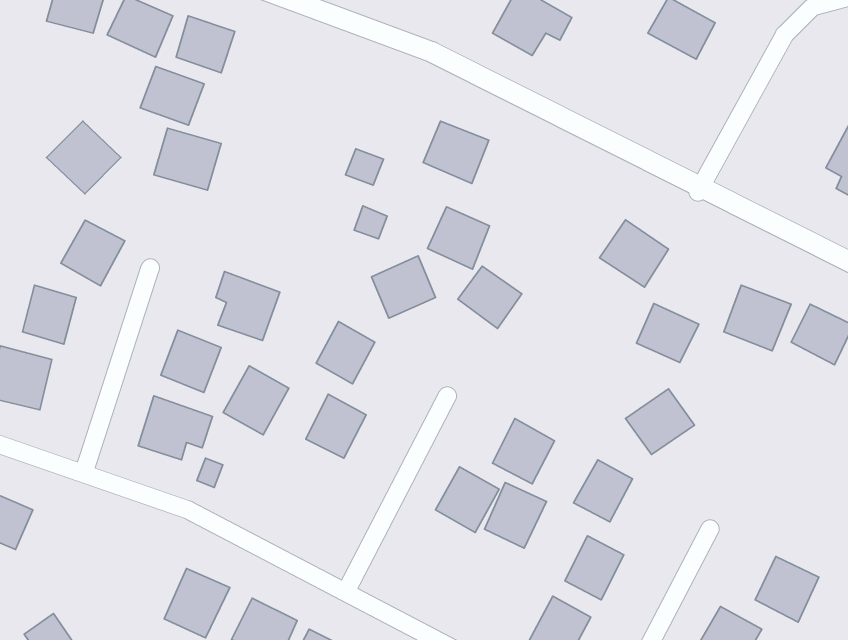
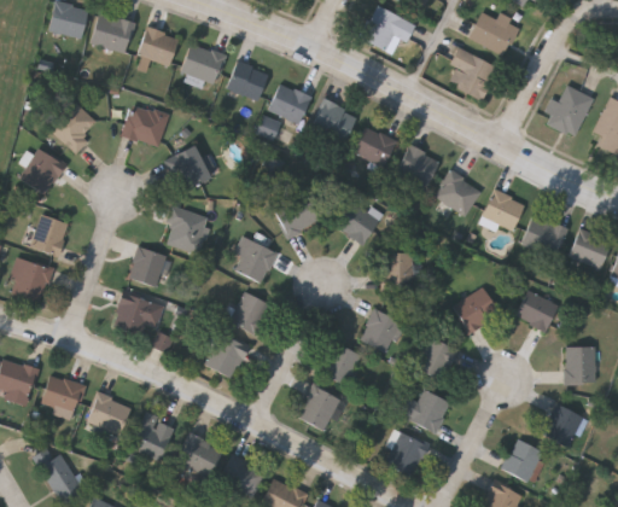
building: none -> [448,49,497,100]
building: none -> [227,60,269,100]
building: [140,67,204,125] -> [181,42,226,83]
building: none -> [268,81,313,123]
building: none -> [546,84,594,139]
building: none -> [171,145,211,188]
building: none -> [397,145,439,185]
building: [427,207,490,269] -> [354,123,397,167]
building: [61,220,125,286] -> [21,148,65,194]
building: [637,304,699,362] -> [483,188,526,229]
building: none -> [384,251,414,289]
building: [223,366,289,435] -> [204,331,250,379]
building: none -> [517,289,559,331]
building: none -> [566,345,596,383]
building: [484,483,547,548] -> [298,384,342,430]
building: none -> [41,373,86,419]
building: none -> [84,391,134,439]

